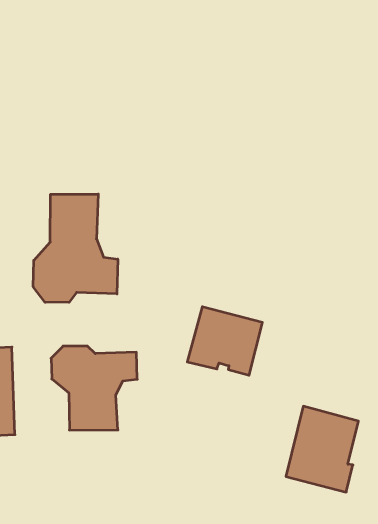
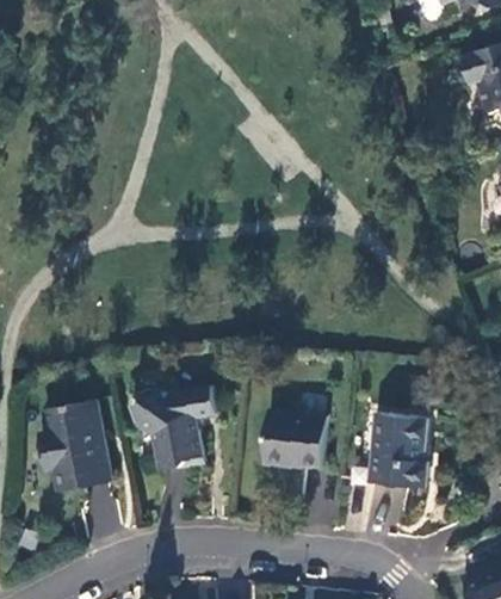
building: [33,194,118,302] -> none
building: [187,307,262,375] -> [262,410,327,468]

